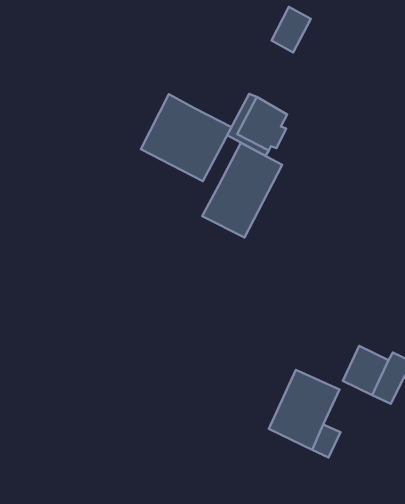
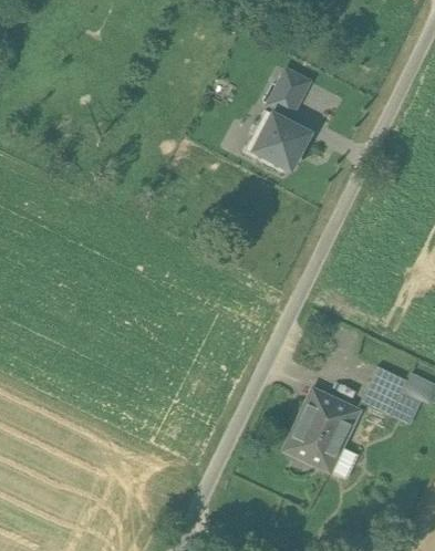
building: [271,7,311,53] -> [270,69,310,115]
building: [141,94,232,181] -> none
building: [202,143,282,237] -> none

